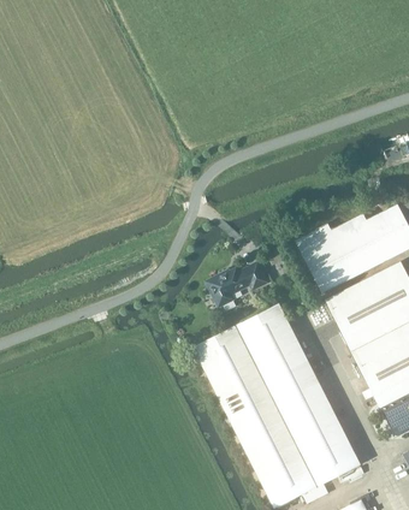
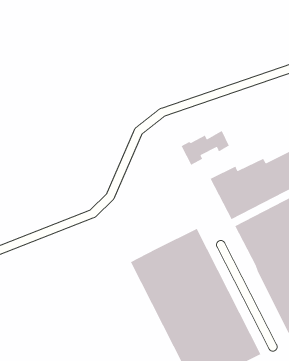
building: [206,261,268,307] -> [181,130,230,166]

